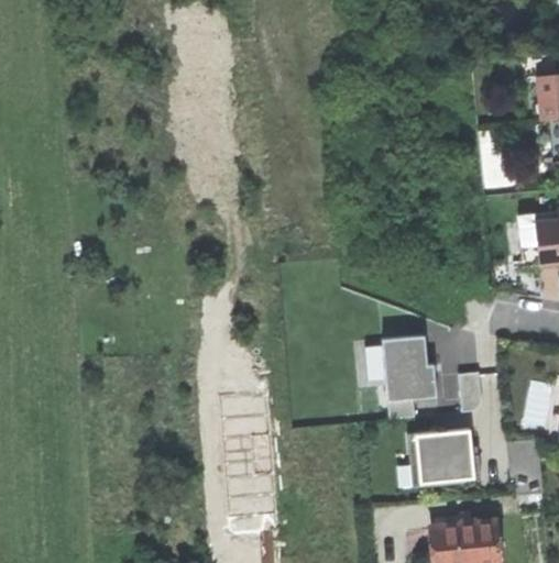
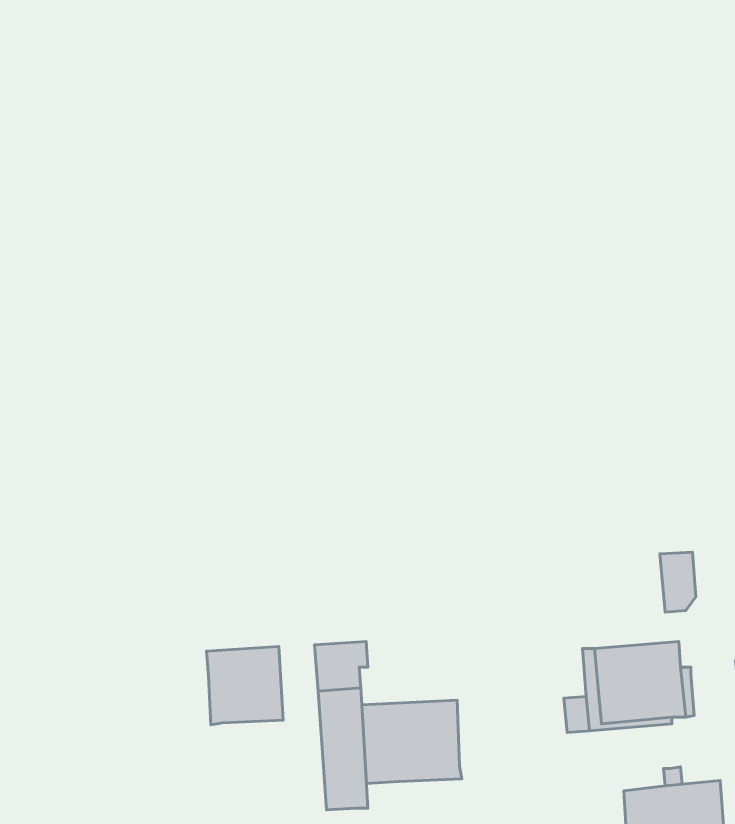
building: [383,335,437,418] -> none
building: none -> [207,646,283,725]
building: none -> [362,700,462,784]

